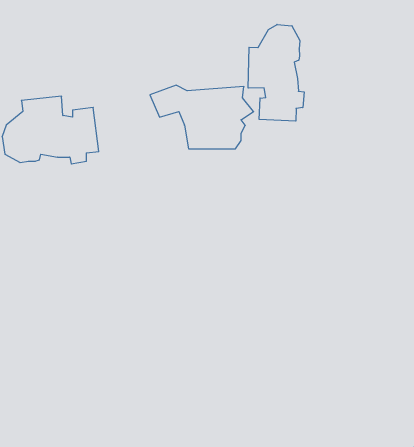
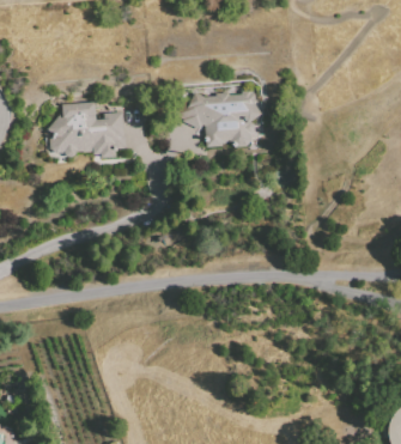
building: [248,24,304,121] -> none

